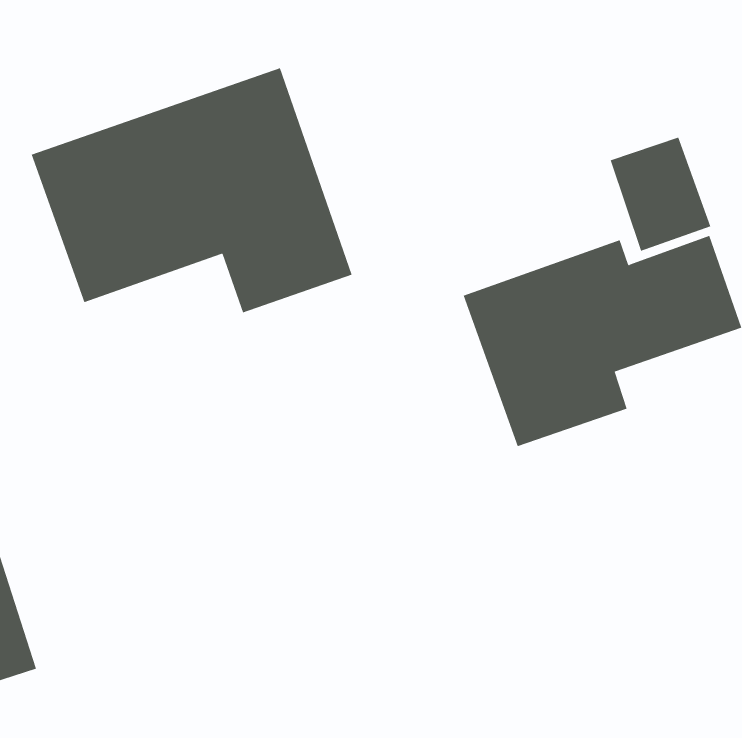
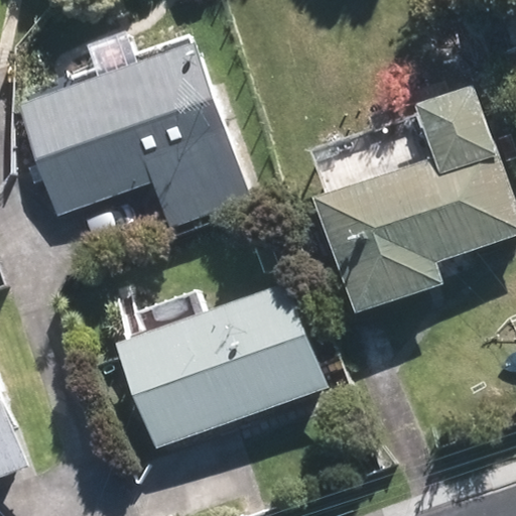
building: none -> [121,302,314,436]

